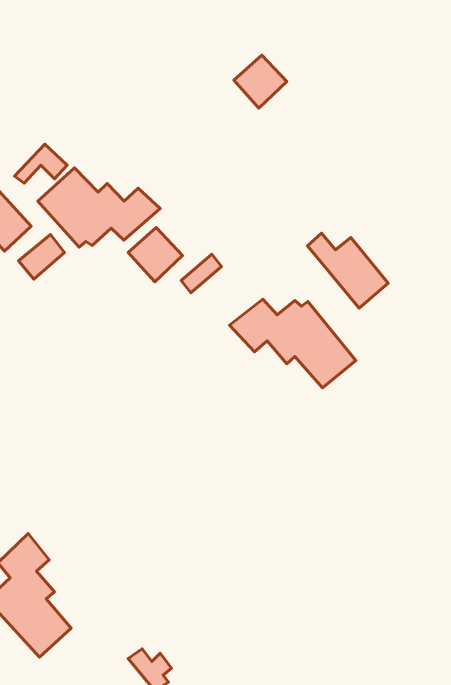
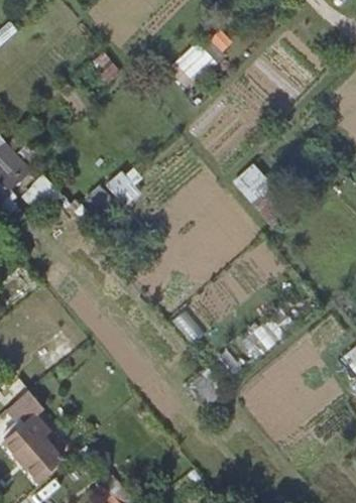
building: [38,168,160,247] -> none
building: [229,299,356,388] -> none

